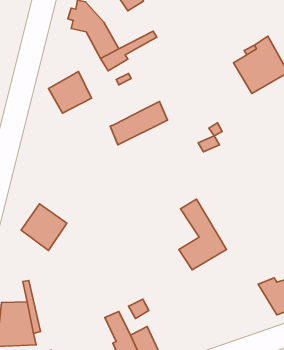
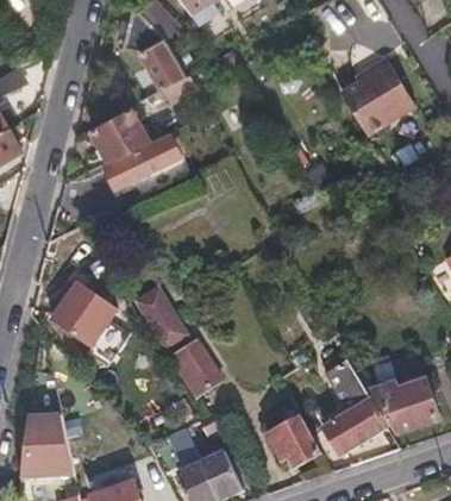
building: [110,101,167,145] -> [102,130,180,188]
building: [179,199,226,270] -> [322,361,387,456]
building: none -> [133,286,188,350]
building: none -> [174,338,224,395]
building: none -> [267,418,321,465]

